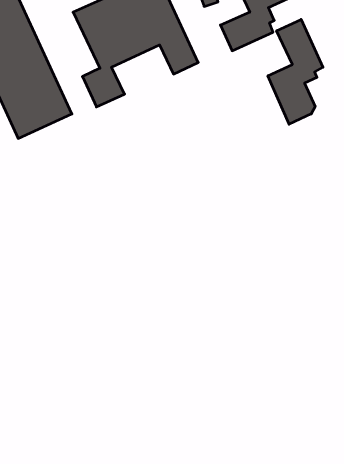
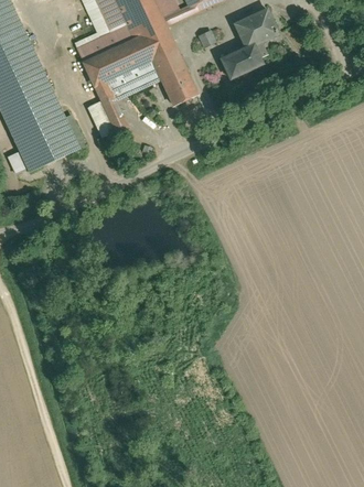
building: [268,19,323,124] -> none

